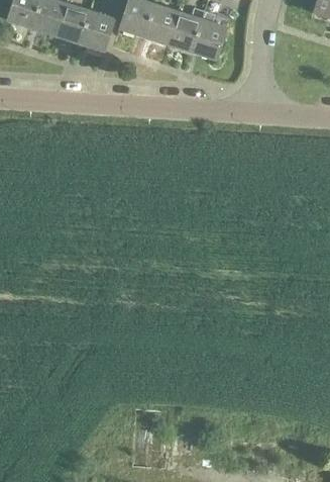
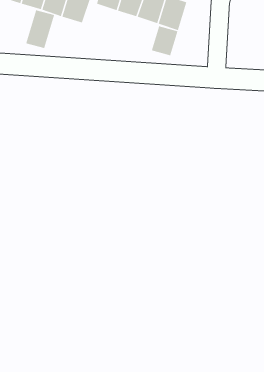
building: none -> [25,10,55,49]
building: none -> [151,26,178,56]

